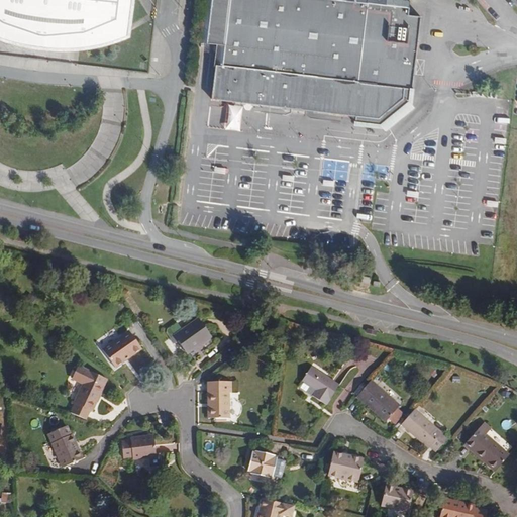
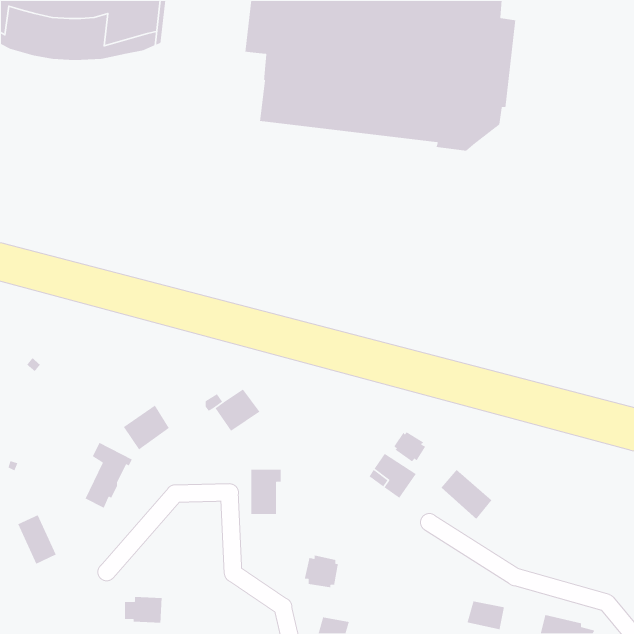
building: none -> [393,431,426,462]
building: [403,408,449,450] -> none
building: [49,423,82,464] -> [17,514,57,565]
building: [464,424,509,474] -> none
building: [124,439,156,461] -> [124,596,163,624]
building: [329,454,365,484] -> none

